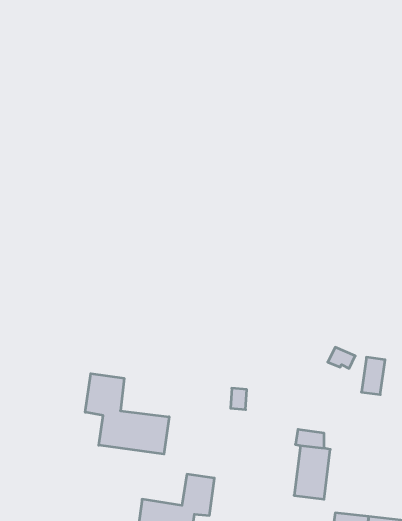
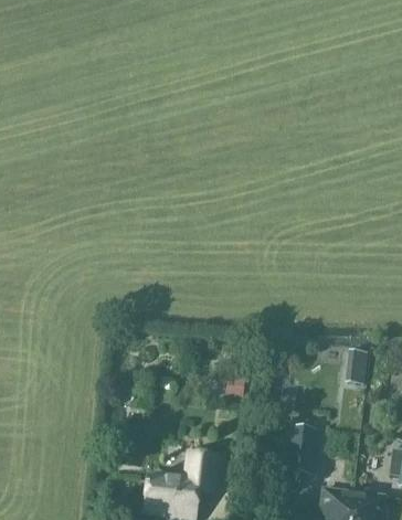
building: [85,374,169,454] -> none

